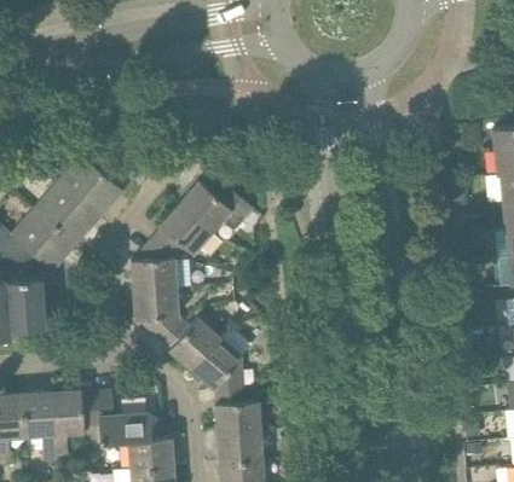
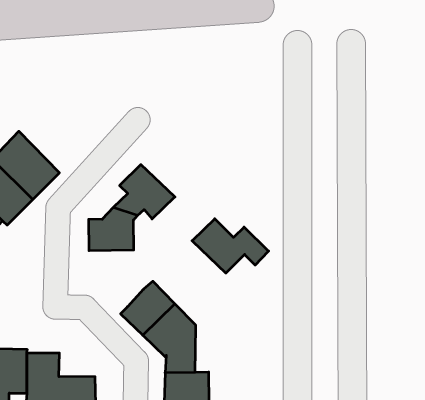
building: [58,153,123,216] -> none
building: [179,180,254,232] -> [192,219,269,273]
building: [134,286,190,342] -> none

